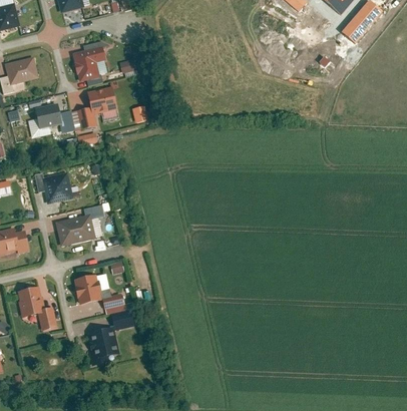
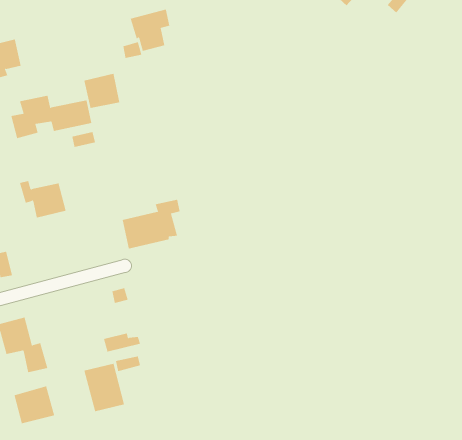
building: [70,45,103,80] -> [130,9,170,51]
building: [57,204,105,246] -> [122,199,180,249]
building: [74,273,103,304] -> none
building: none -> [14,385,55,424]

